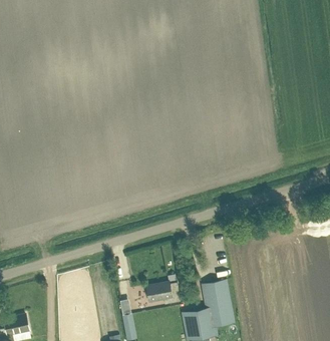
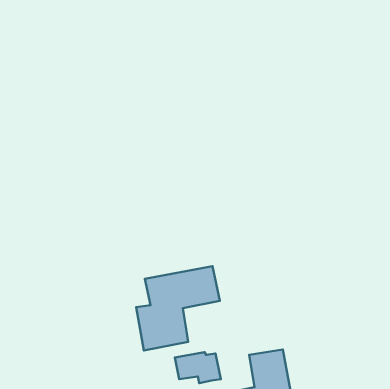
building: none -> [136,266,220,351]

